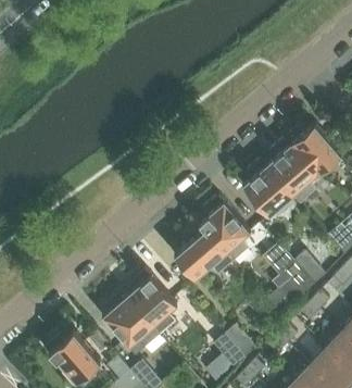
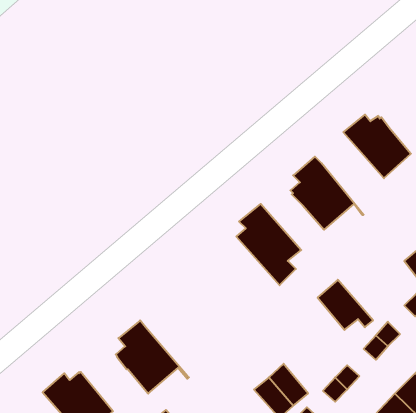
building: [267,139,317,205] -> none
building: [174,223,234,280] -> none
building: [280,252,326,290] -> none
building: [126,270,177,335] -> none

